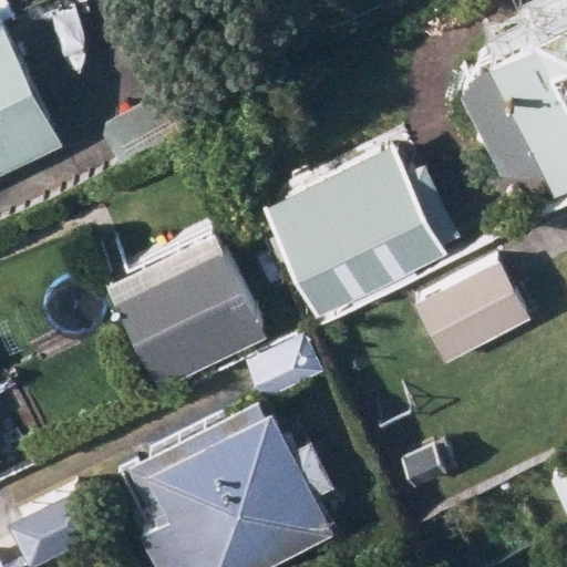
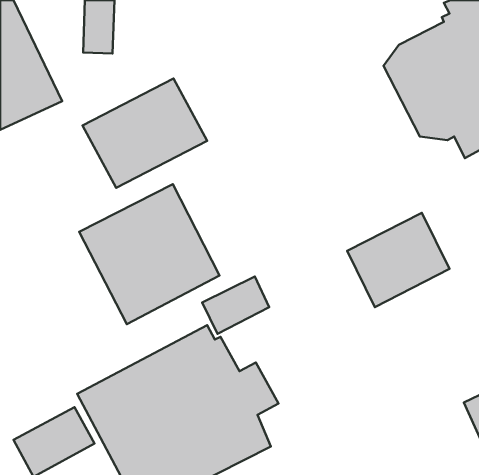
building: none -> [83,79,207,188]
building: [264,150,462,318] -> none

